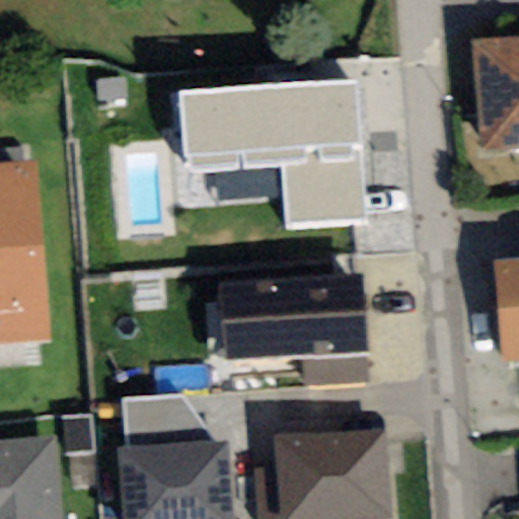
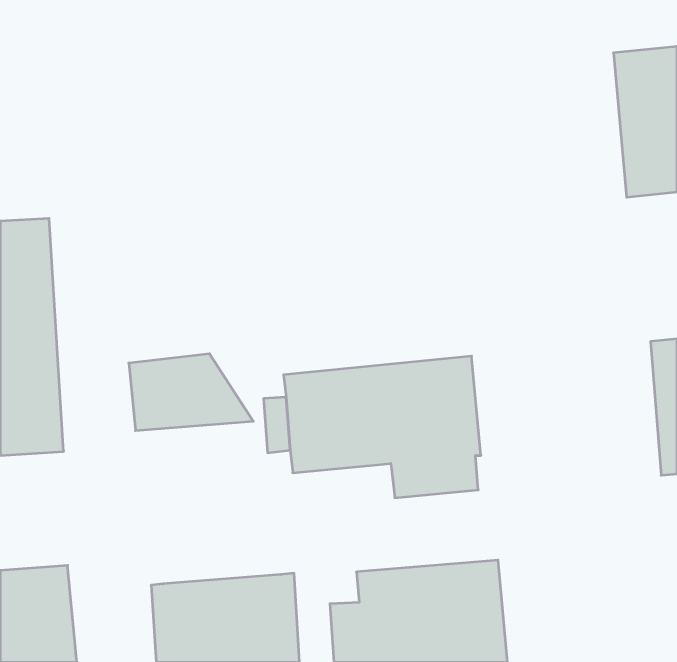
building: [187,89,375,229] -> none
building: [120,388,215,447] -> [129,354,253,431]

